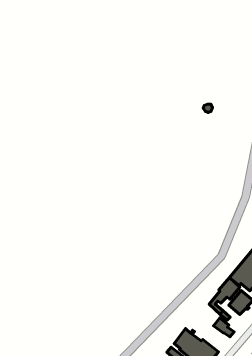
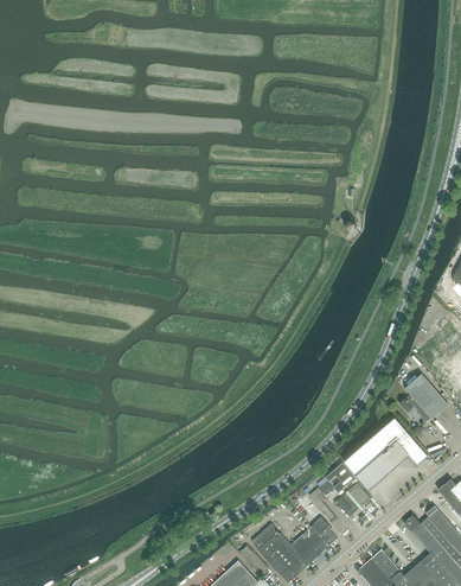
building: none -> [293,526,331,562]

